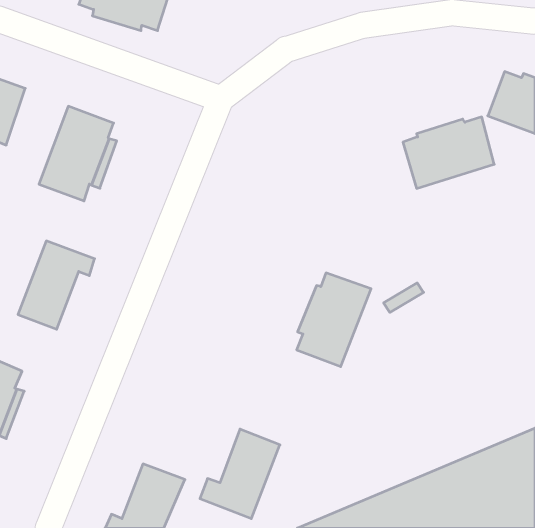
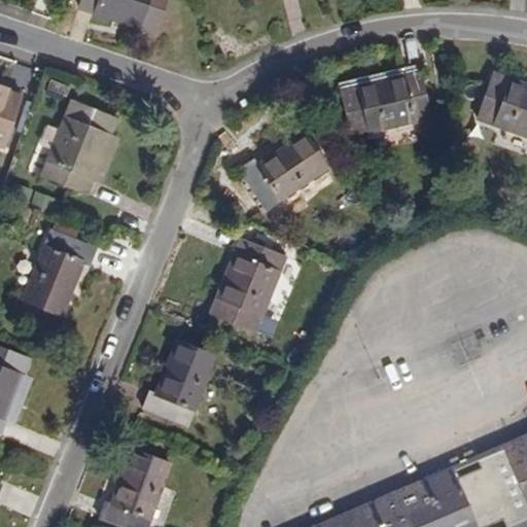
building: [403,117,494,188] -> [347,67,436,137]
building: none -> [241,138,335,215]
building: [297,273,371,367] -> [217,247,290,339]
building: [200,429,280,519] -> [143,349,221,436]

